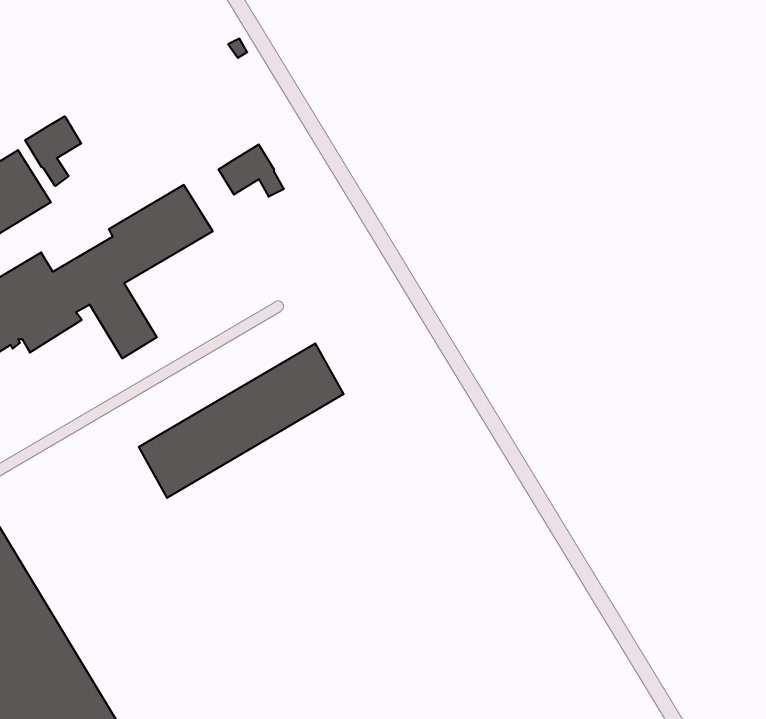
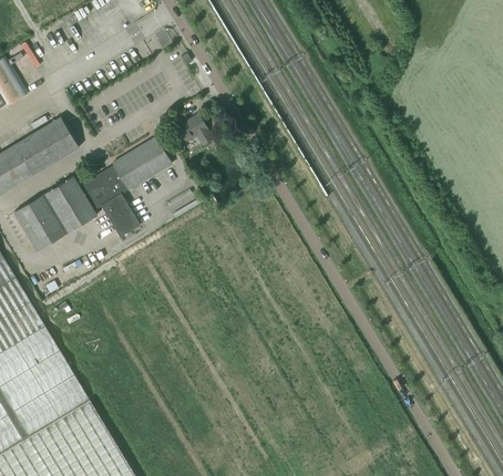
building: [25,116,81,186] -> none
building: [139,343,344,498] -> none

